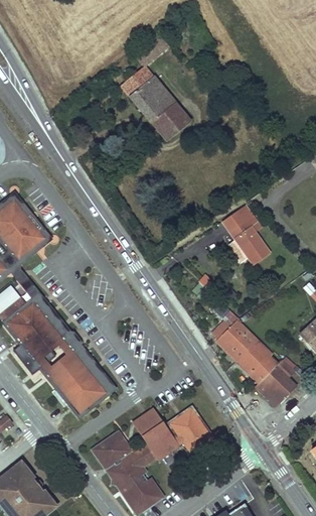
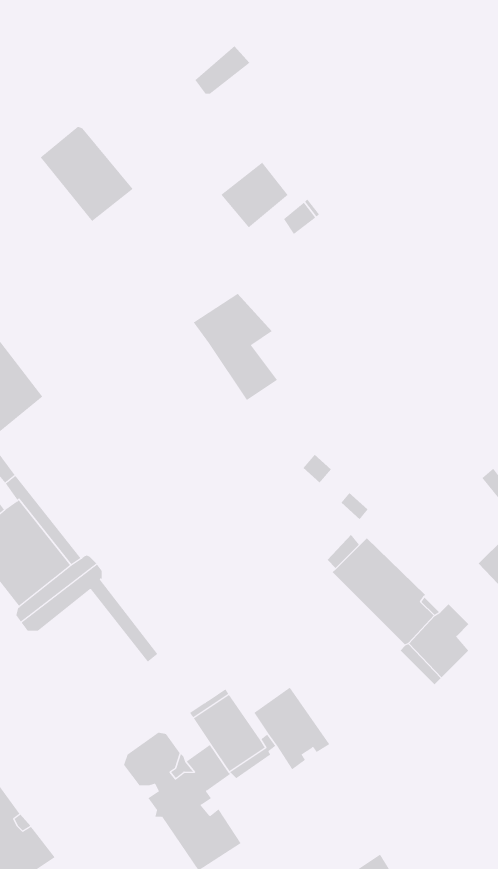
building: [121,67,175,122] -> [40,126,134,222]
building: [220,202,270,264] -> [193,293,278,401]
building: [45,351,109,416] -> none

